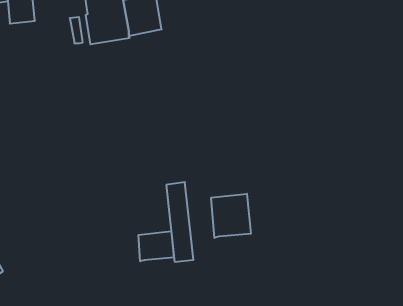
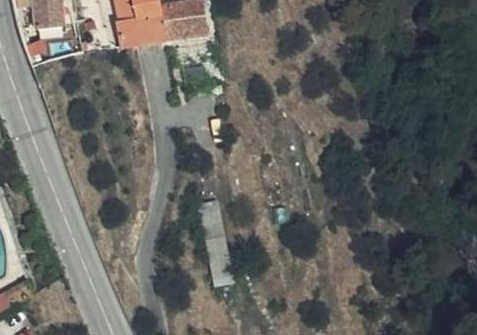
building: [211,194,251,238] -> none
building: [139,231,174,261] -> none

